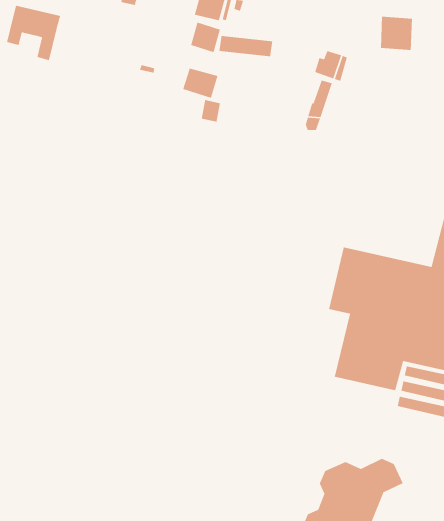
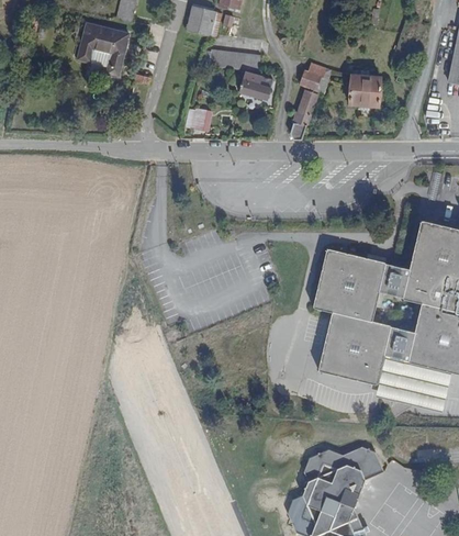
building: [6,5,61,61] -> [77,23,128,76]
building: [380,16,413,51] -> [349,74,380,107]
building: [190,21,221,53] -> none
building: [182,67,219,99] -> [238,70,272,100]

